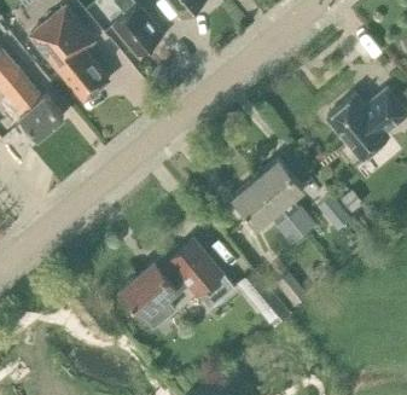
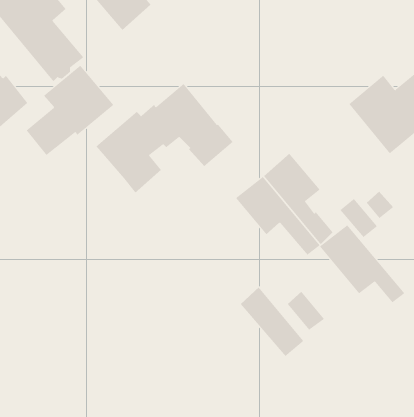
building: none -> [26,65,114,156]
building: none -> [319,225,405,303]
building: [121,238,234,329] -> [96,83,234,193]

